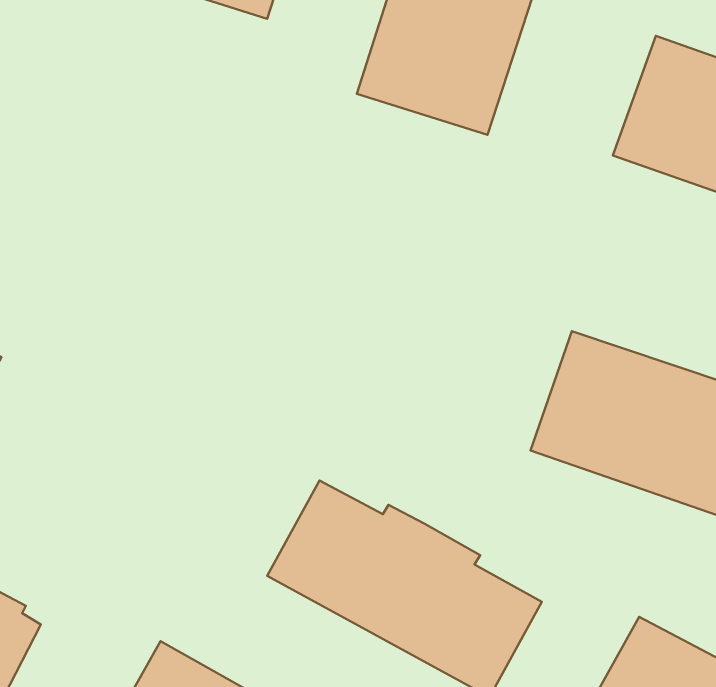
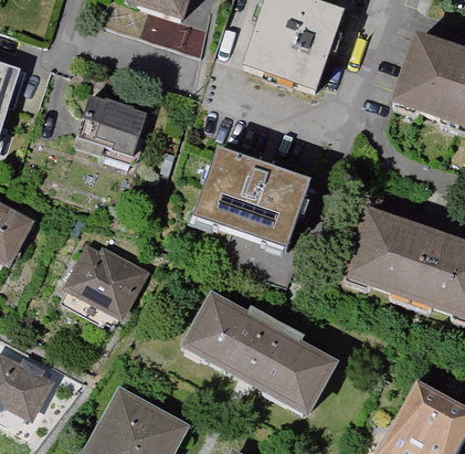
building: none -> [76,94,150,161]
building: none -> [194,148,313,250]
building: none -> [63,242,150,319]

